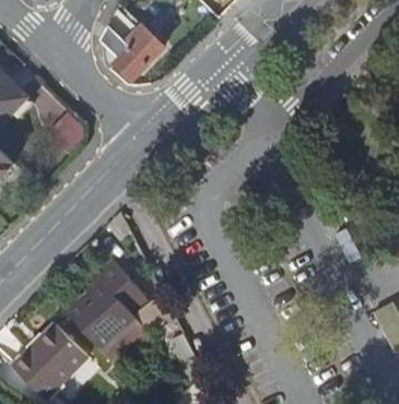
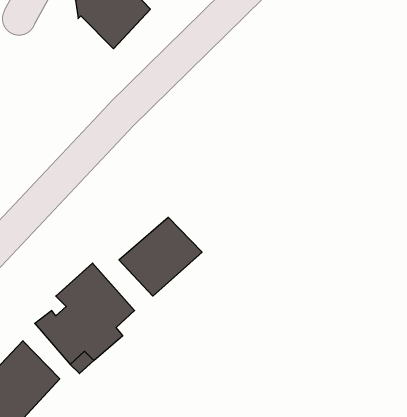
building: none -> [119,217,202,296]

